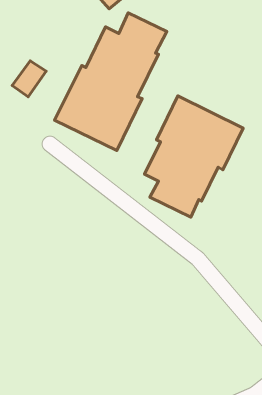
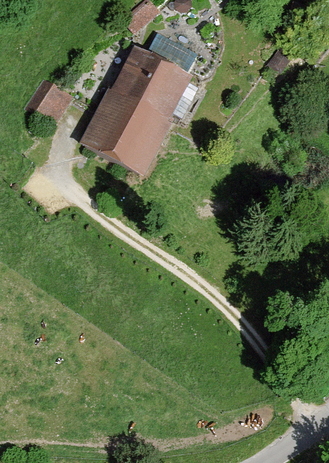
building: [145,96,243,217] -> none

